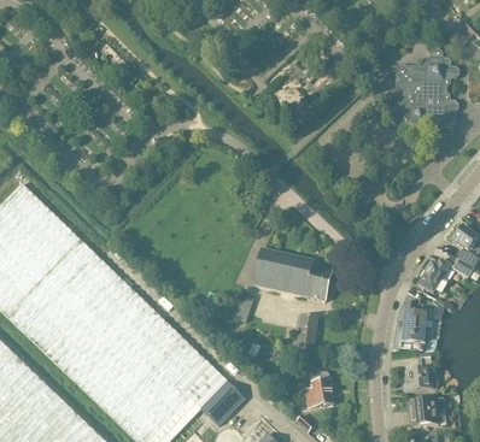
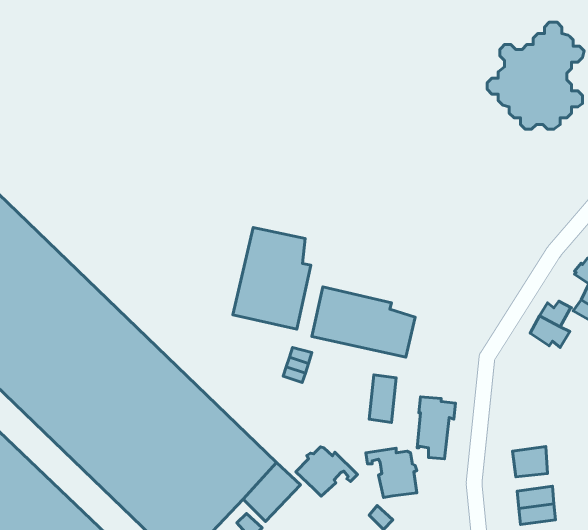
building: none -> [233,227,311,329]
building: [403,302,432,349] -> [417,397,456,459]
building: none -> [296,447,357,496]

